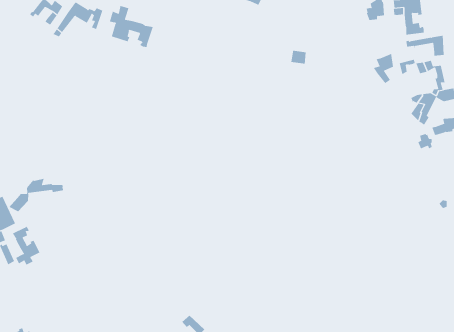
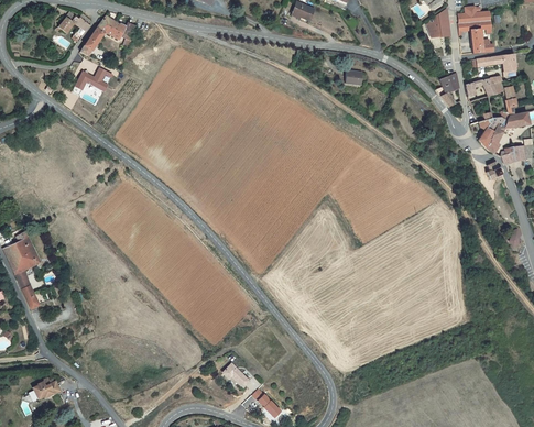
building: [109,5,153,48] -> none
building: none -> [76,67,115,91]
building: [8,178,63,212] -> none
building: [12,226,40,266] -> none

